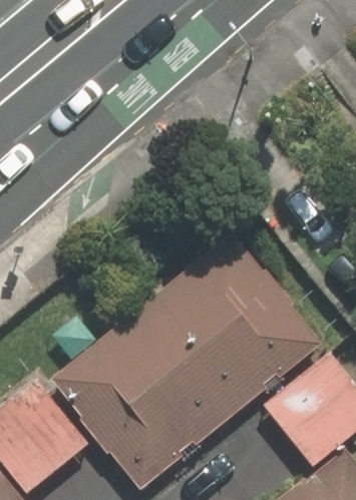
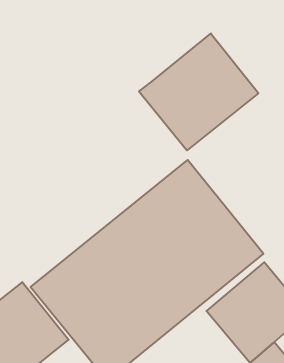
building: none -> [139,33,258,150]

